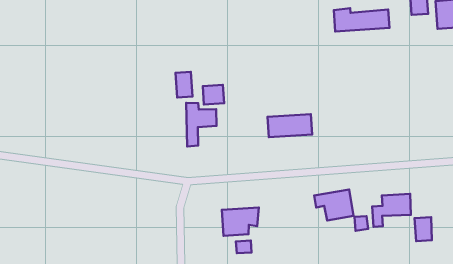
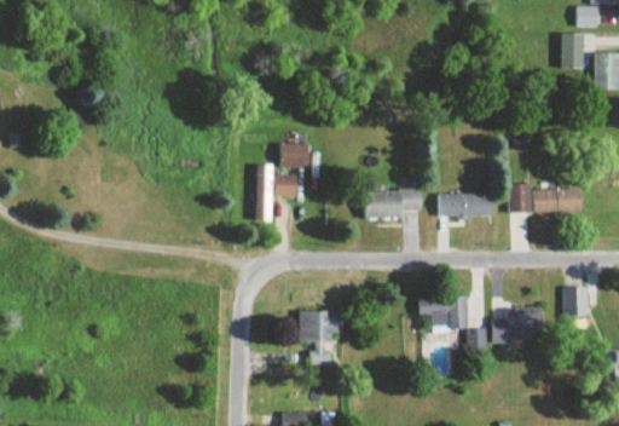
building: [334,8,390,31] -> [510,184,582,213]
building: [176,72,193,97] -> none
building: none -> [439,195,492,219]
building: [415,217,432,241] -> [566,284,588,315]

